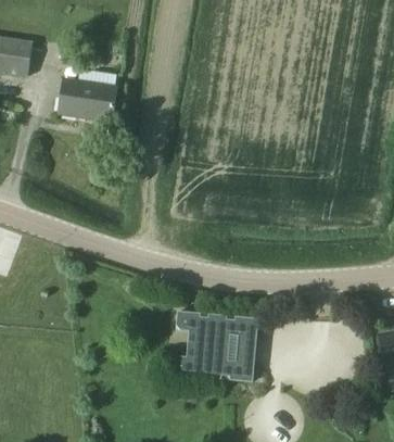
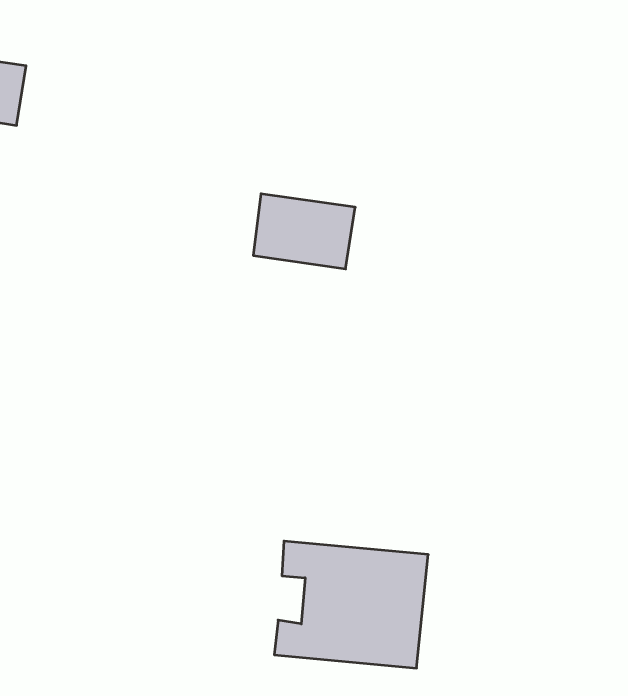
building: [59,78,116,121] -> [253,194,355,269]

